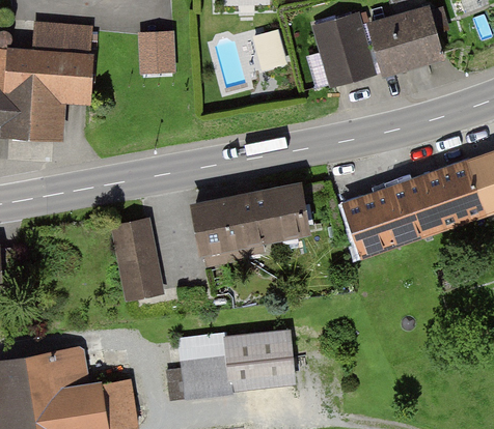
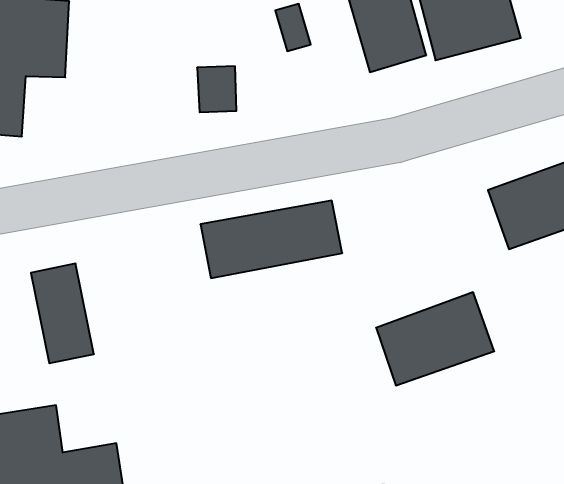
building: [141,34,172,70] -> [197,66,236,112]
building: [346,179,439,253] -> [376,292,494,385]
building: [115,217,165,295] -> [31,264,94,363]
building: [167,331,294,397] -> none

